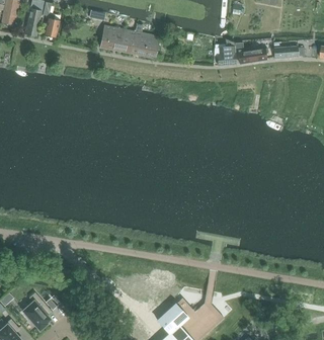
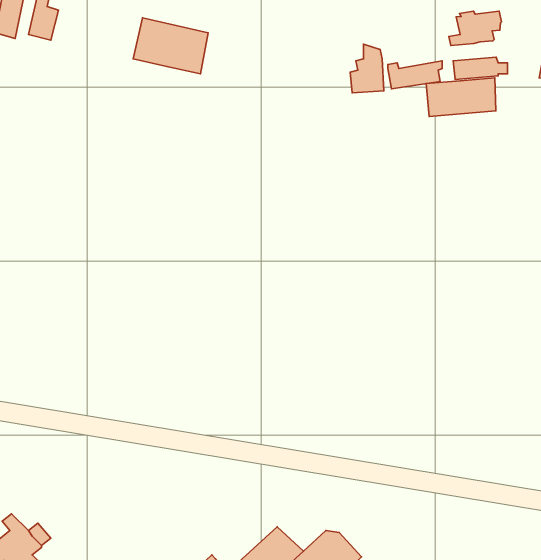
building: none -> [449,11,502,45]
building: [137,33,159,59] -> none
building: none -> [426,78,496,117]

